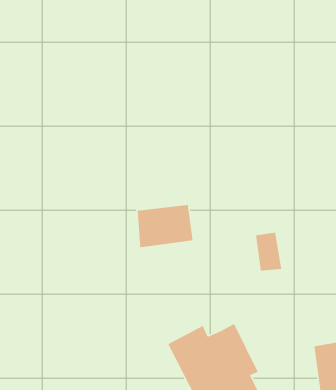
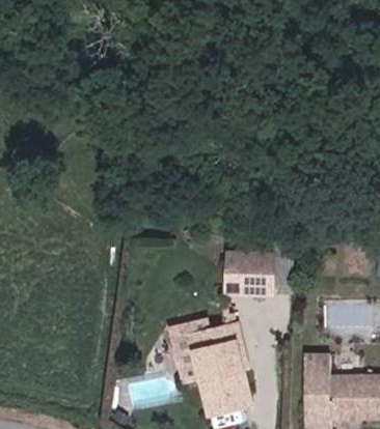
building: [137,204,193,248] -> [216,248,265,282]

